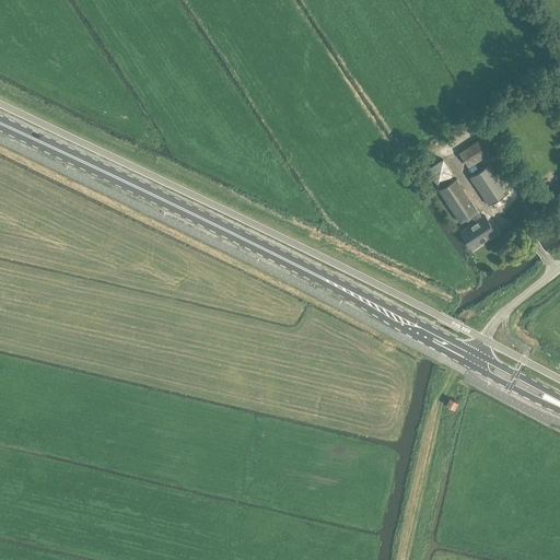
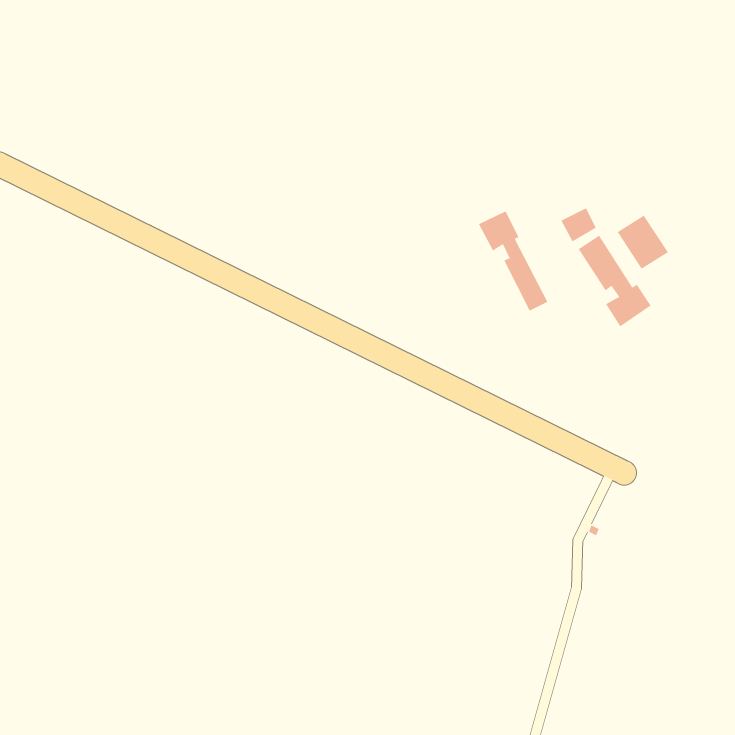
building: [458,139,490,167] -> none
building: none -> [478,211,548,311]

